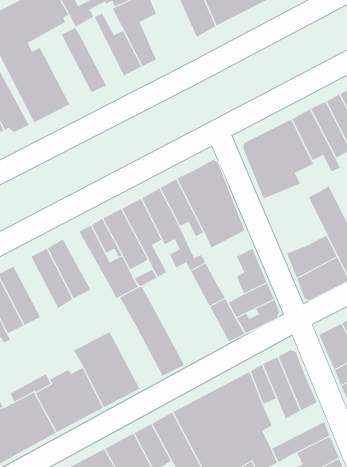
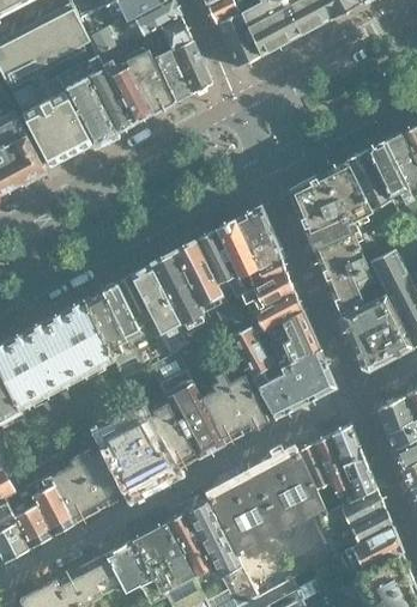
building: none -> [173,42,211,95]
building: none -> [103,60,153,125]
building: none -> [64,78,116,146]
building: none -> [314,237,375,317]
building: none -> [246,291,302,350]
building: none -> [85,292,138,365]
building: none -> [28,321,78,390]
building: none -> [201,376,268,445]
building: none -> [140,397,198,473]
building: none -> [314,488,385,541]

